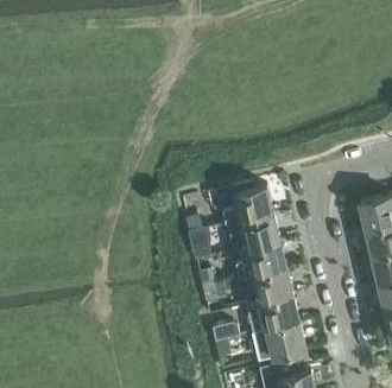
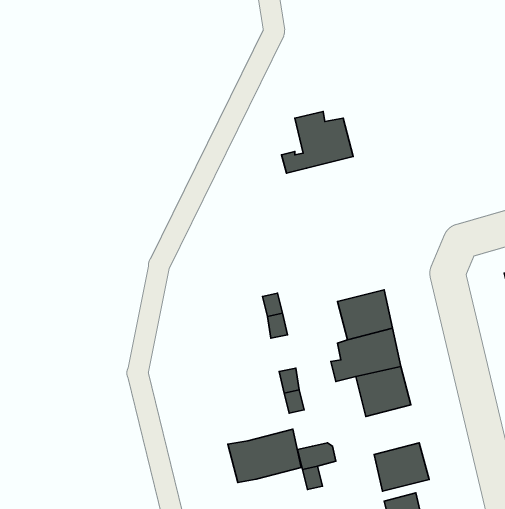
building: [223,184,274,228] -> [281,112,353,173]
building: [247,298,299,336] -> [228,429,301,483]

